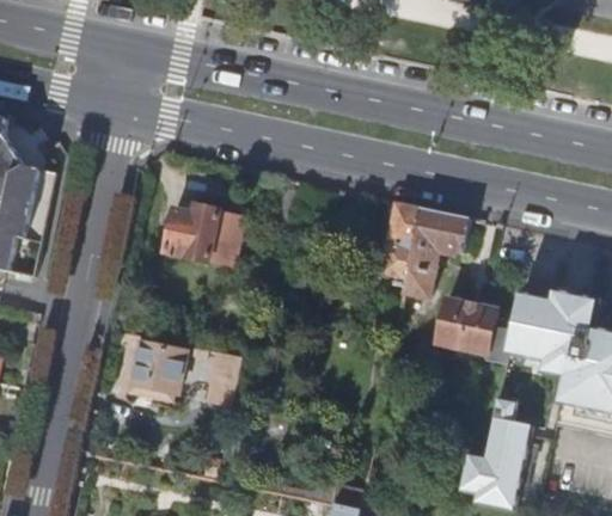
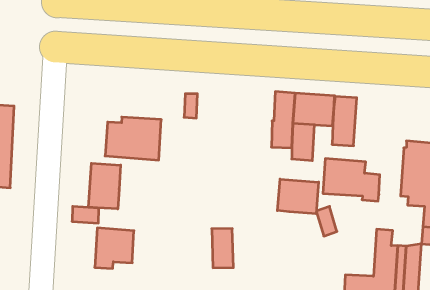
building: none -> [89,163,121,209]
building: [507,293,547,360] -> [332,96,357,146]
building: none -> [277,179,319,214]
building: [210,348,243,401] -> [212,229,233,268]

